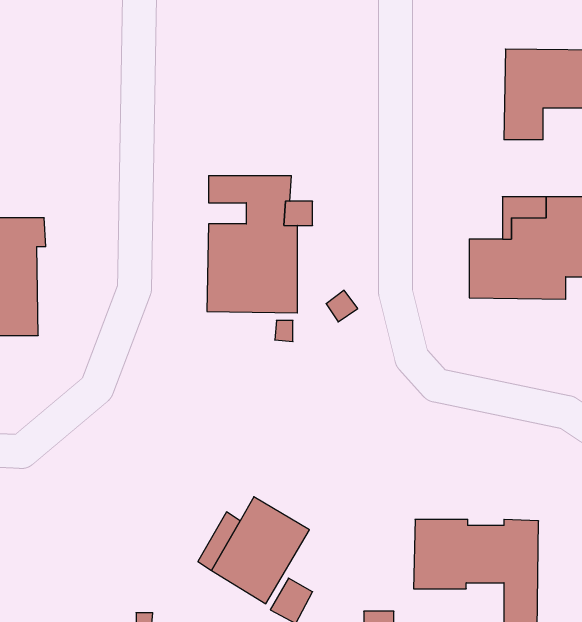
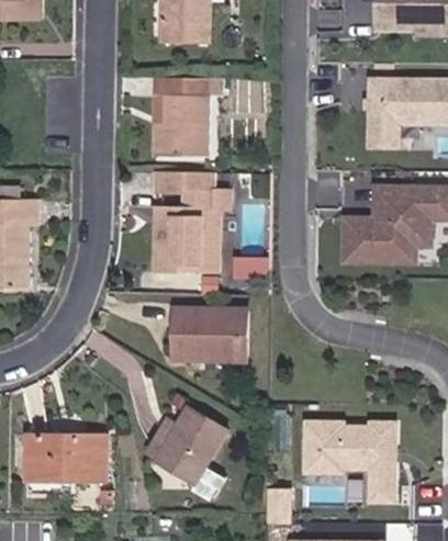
building: none -> [153,76,221,156]
building: none -> [175,308,245,359]
building: none -> [29,433,107,480]

